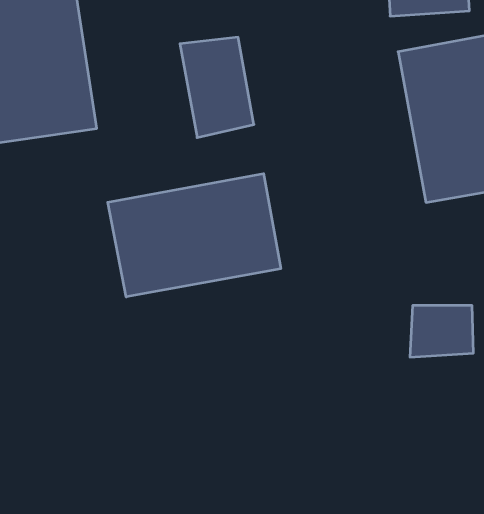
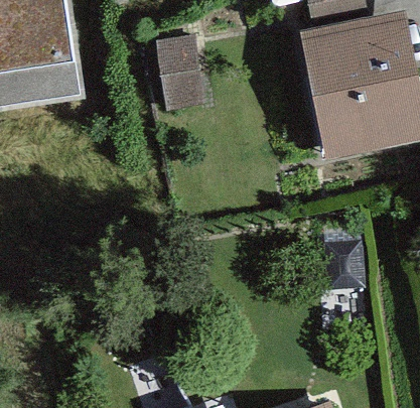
building: [108,174,281,297] -> none

